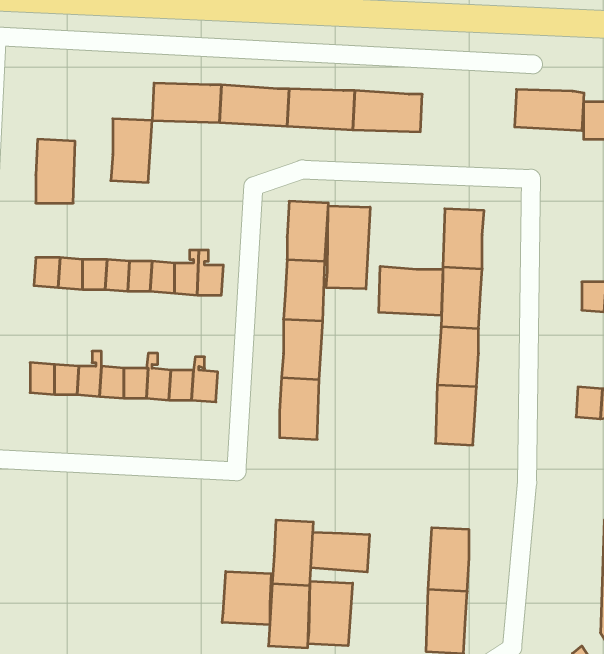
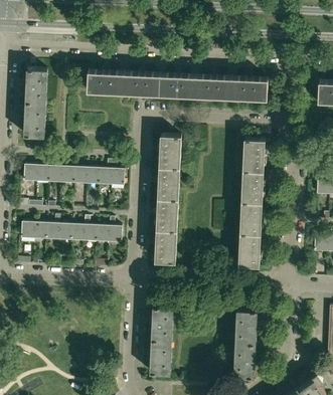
building: [515,89,584,131] -> [230,78,268,101]
building: [111,119,152,182] -> [25,69,47,104]
building: [326,206,370,289] -> none
building: [379,266,443,315] -> none
building: [311,532,369,572] -> none
building: [222,571,271,625] -> none
building: [308,581,353,646] -> none

